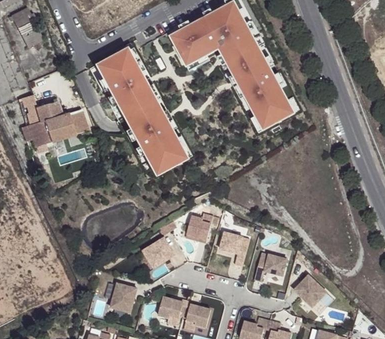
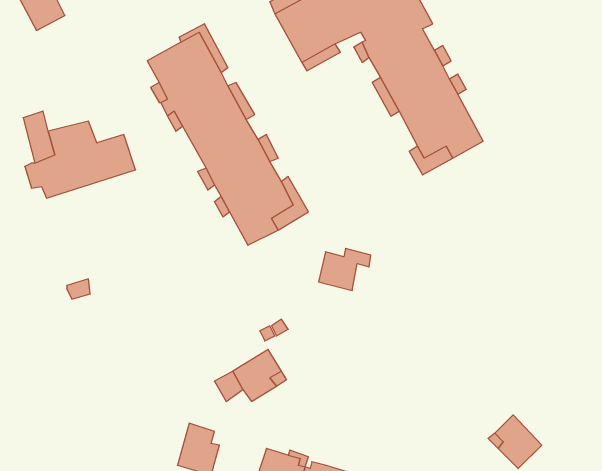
building: [189,216,220,241] -> [319,248,371,290]
building: [222,231,252,267] -> none
building: [256,252,290,282] -> none

